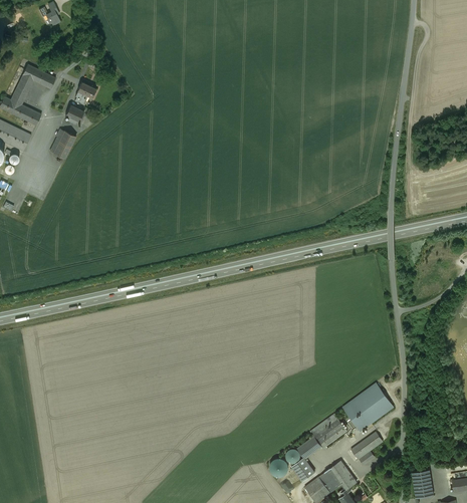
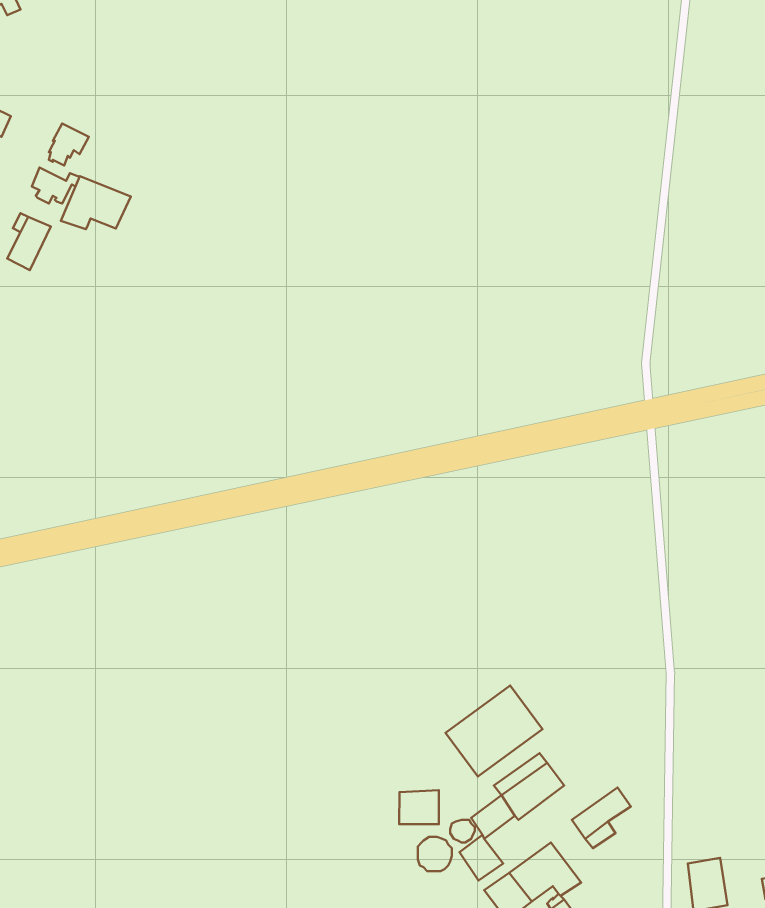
building: none -> [61,176,131,229]
building: [341,383,393,431] -> [446,685,543,777]
building: none -> [399,790,439,824]

